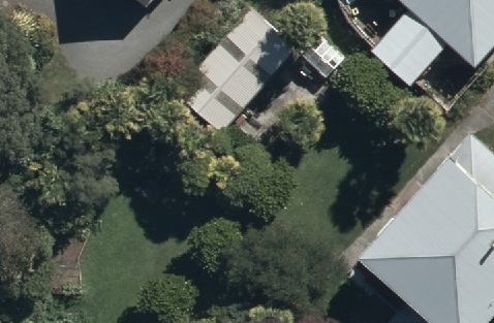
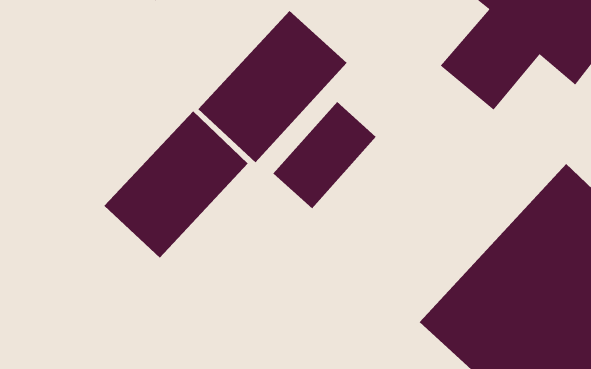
building: none -> [103,111,249,259]

